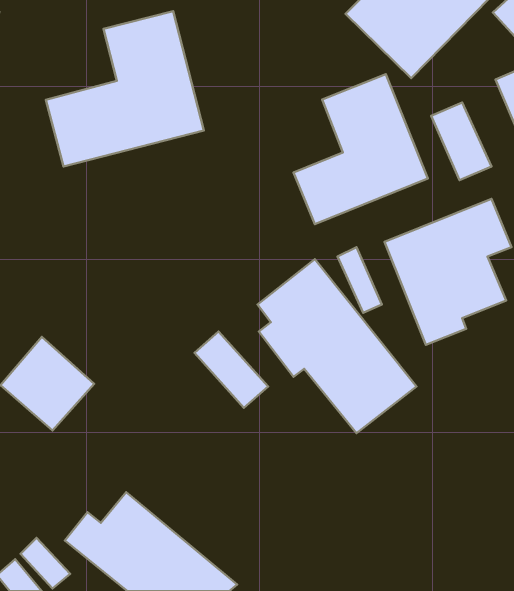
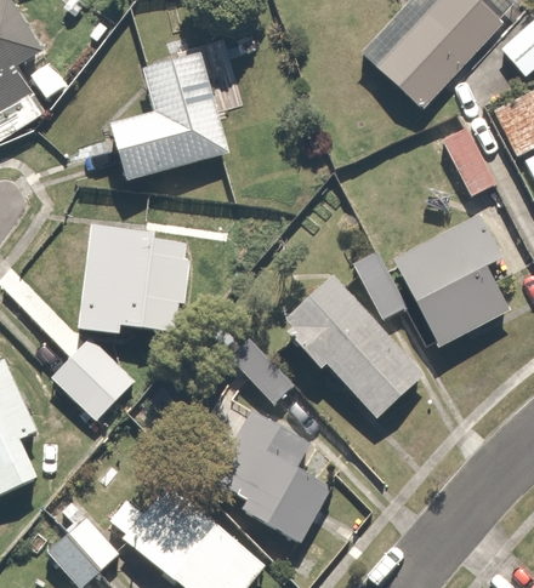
building: [294,74,428,224] -> none
building: none -> [85,226,192,332]
building: none -> [211,405,337,548]

